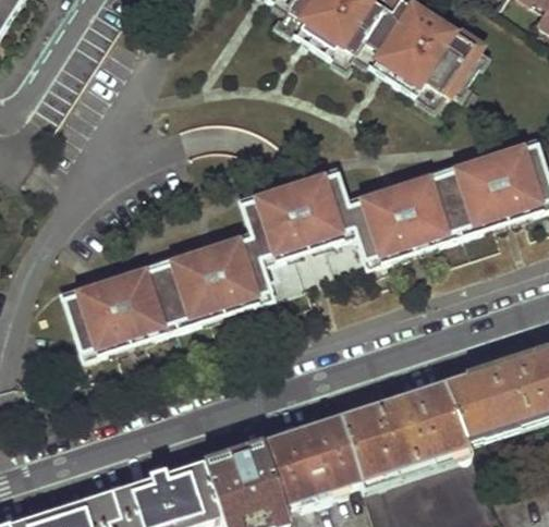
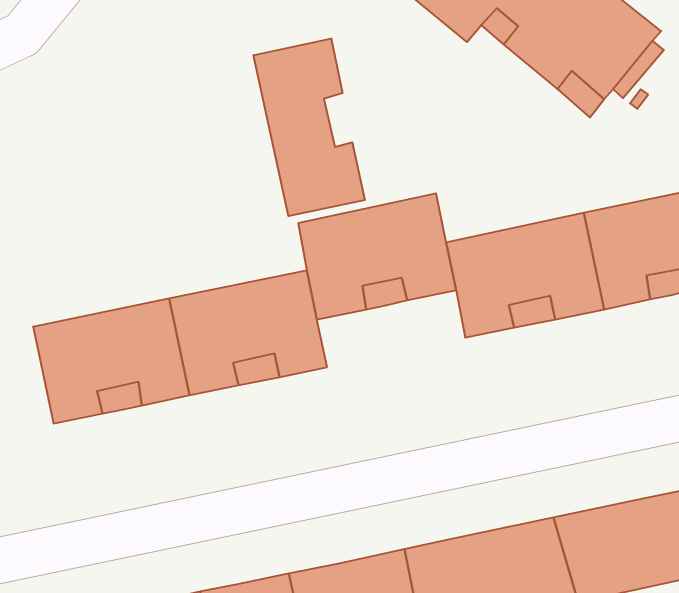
building: none -> [254,38,365,216]

